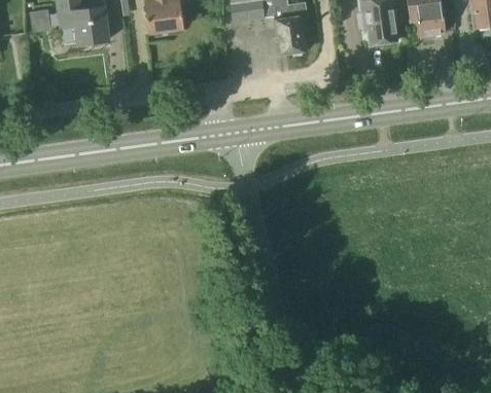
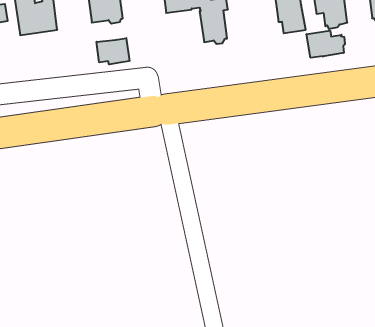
building: none -> [307,31,345,58]
building: none -> [97,38,129,64]

